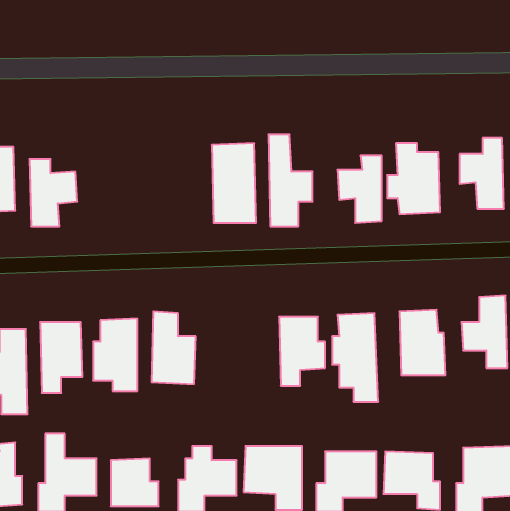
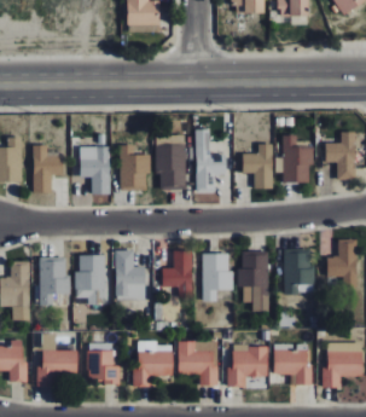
building: none -> [120,145,151,190]
building: none -> [80,146,110,195]
building: none -> [162,250,193,294]

